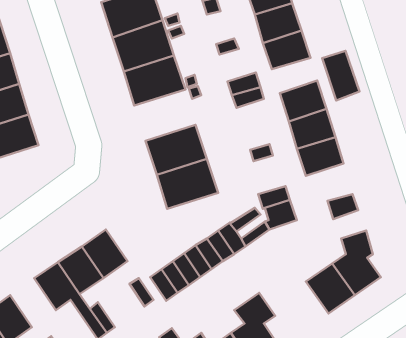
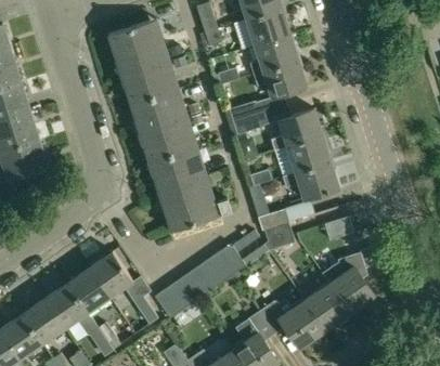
building: [322,51,360,101] -> none
building: none -> [139,118,197,167]
building: none -> [21,298,64,344]
building: none -> [258,301,323,348]

